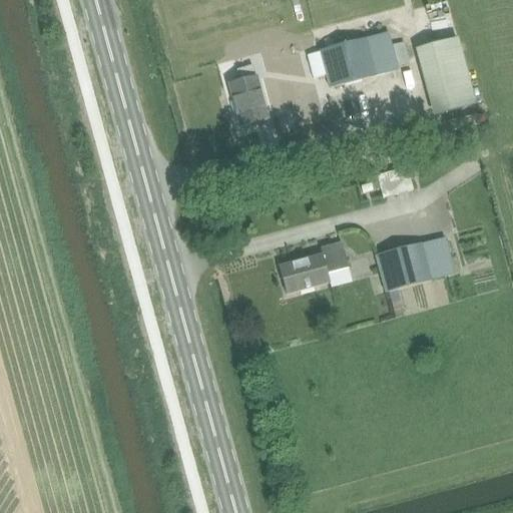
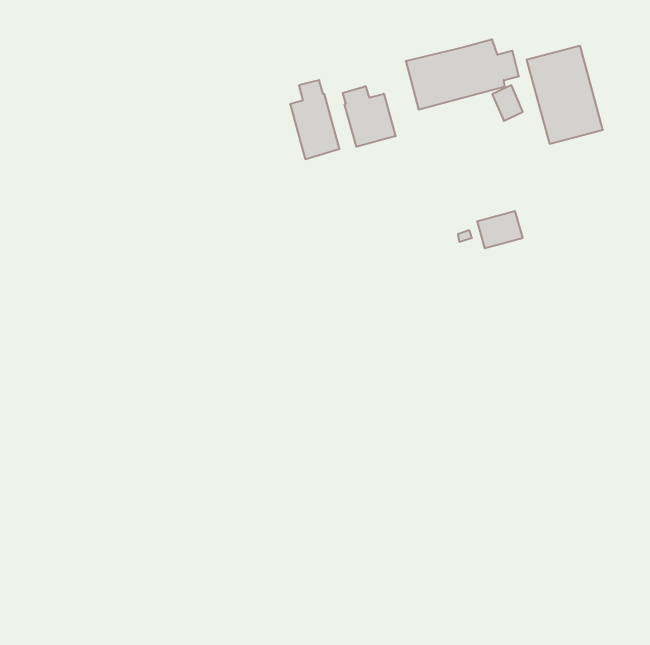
building: none -> [343,86,396,147]
building: [375,235,454,291] -> none
building: [279,247,348,292] -> none

